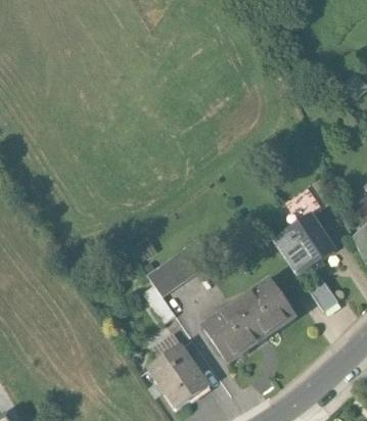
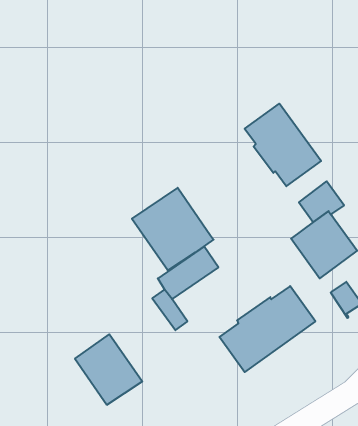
building: none -> [245,104,321,186]
building: none -> [132,188,214,271]
building: [147,341,210,407] -> [75,334,142,405]

